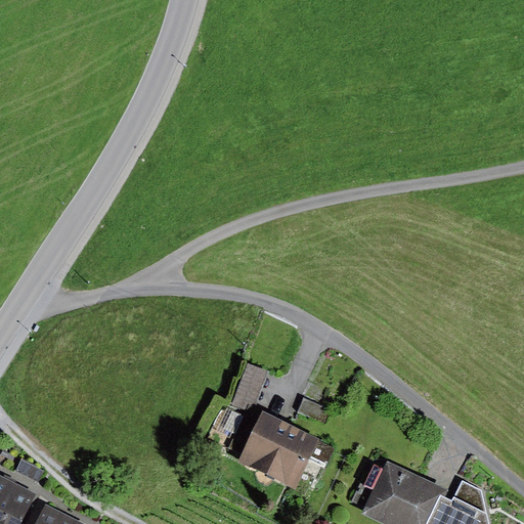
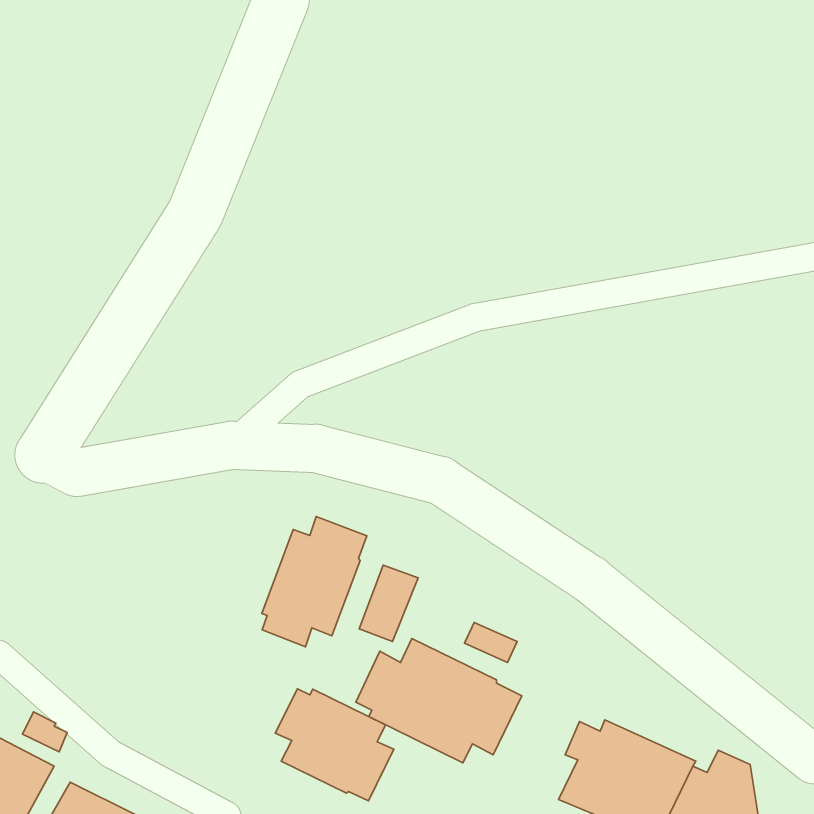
building: none -> [262,517,367,647]
building: none -> [275,689,394,801]

